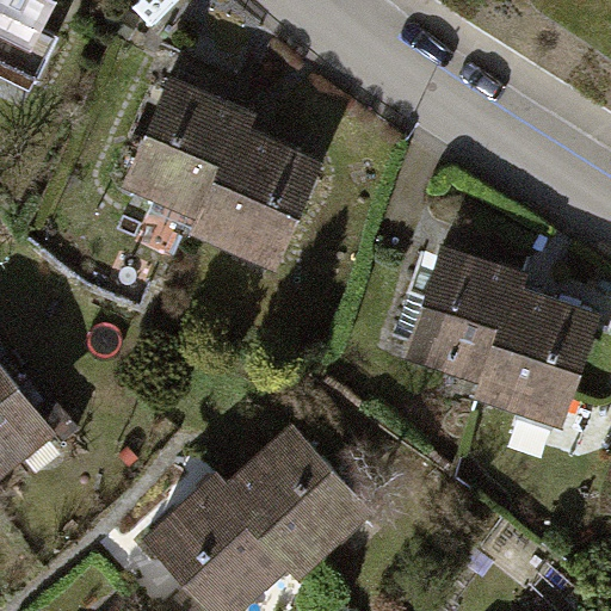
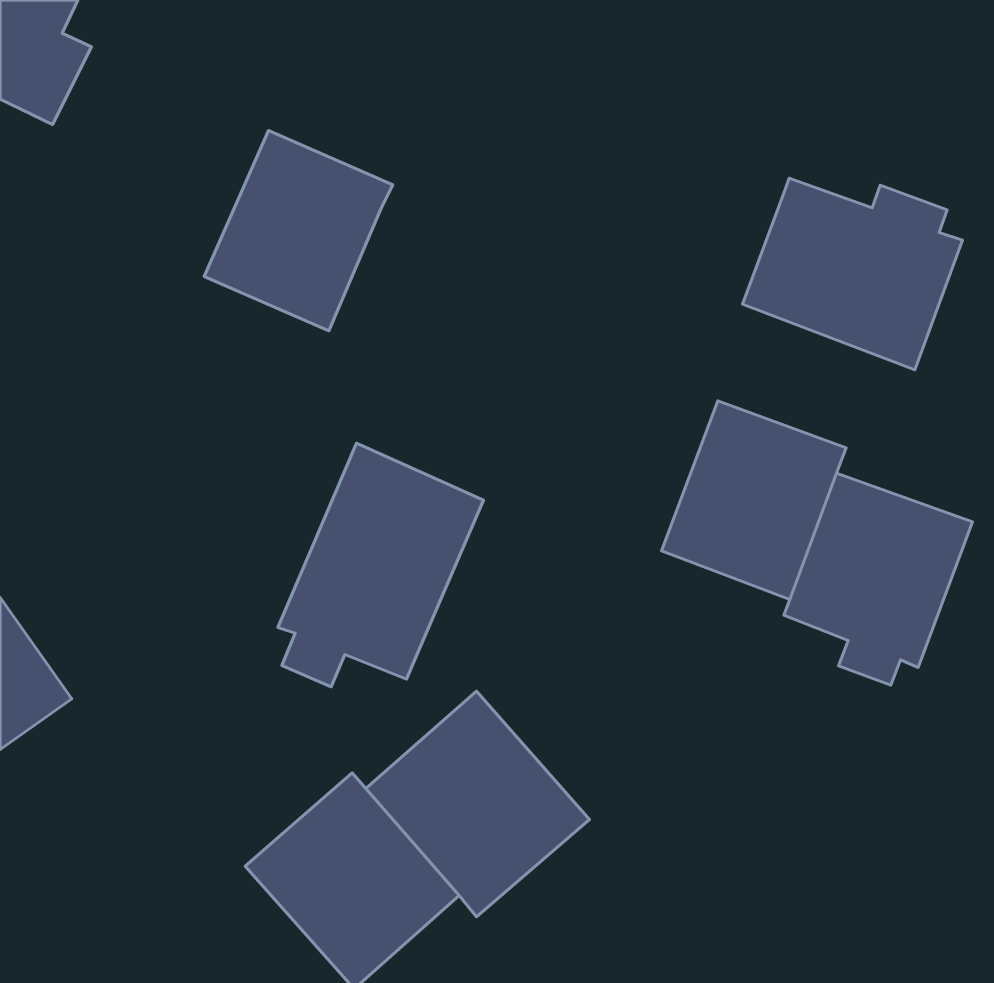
building: none -> [743,178,962,370]
building: [197,135,313,255] -> none
building: none -> [278,443,484,687]

